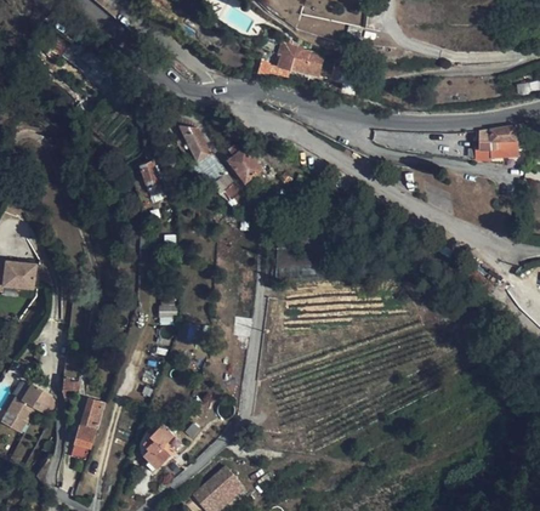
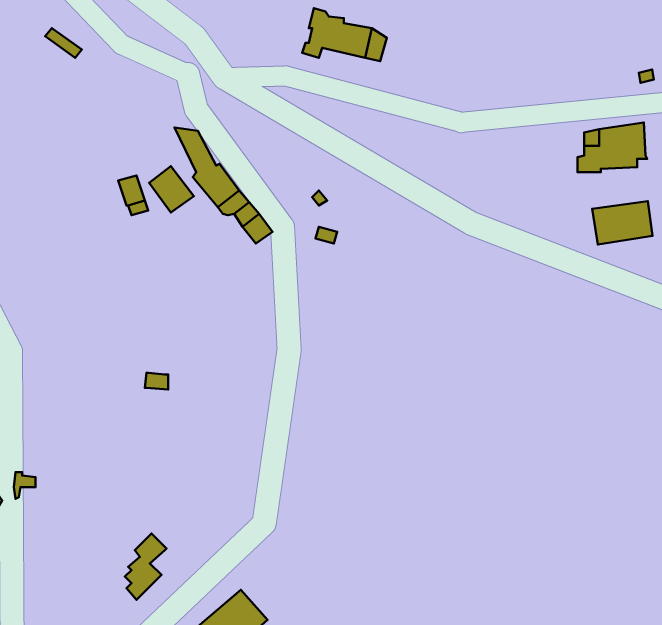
building: [232,146,265,180] -> [149,166,194,213]
building: none -> [592,201,653,245]
building: [68,398,103,459] -> none

